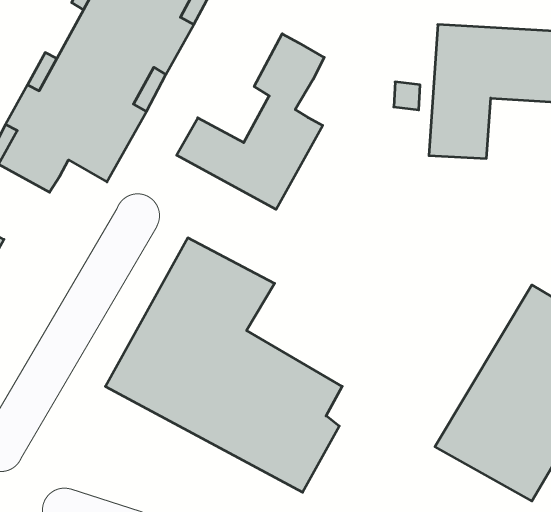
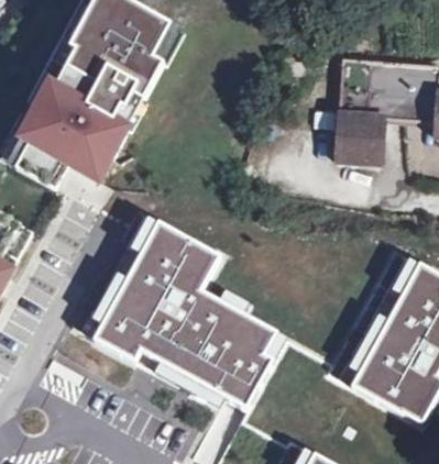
building: [177,34,324,209] -> none

